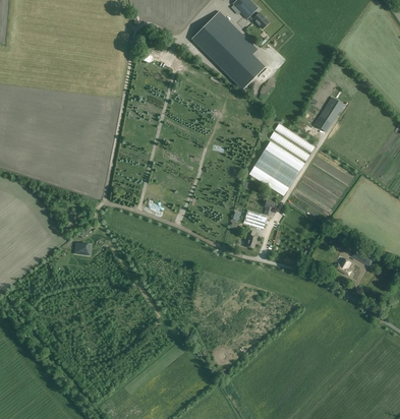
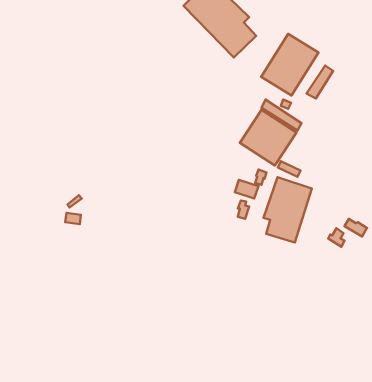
building: none -> [261,34,318,95]
building: none -> [263,177,312,242]

